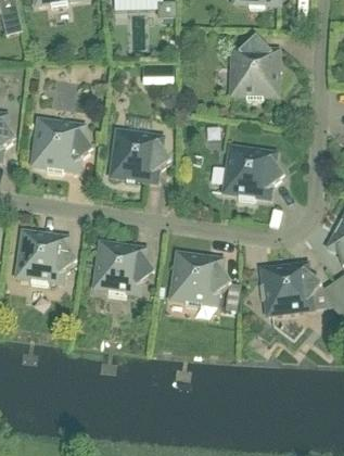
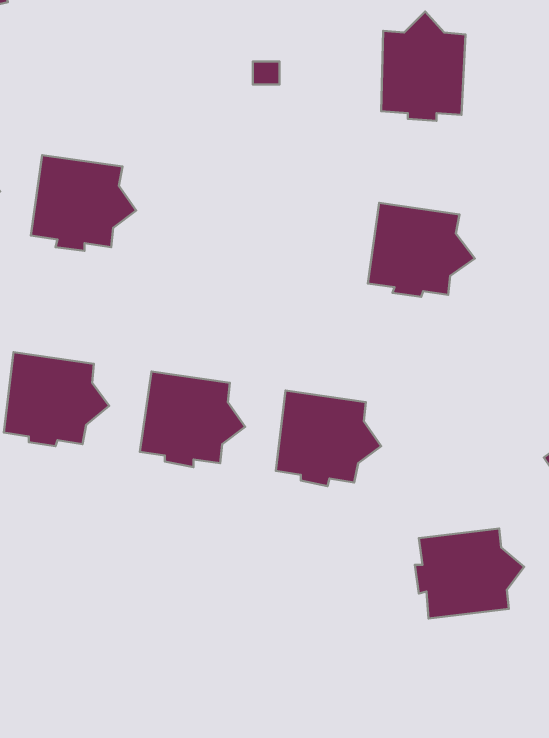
building: [110,129,170,182] -> none
building: [258,262,320,313] -> [415,528,524,618]

